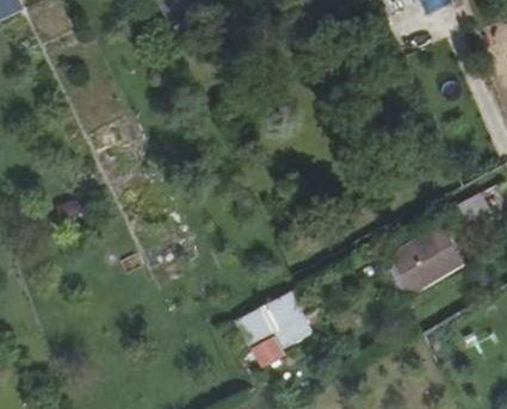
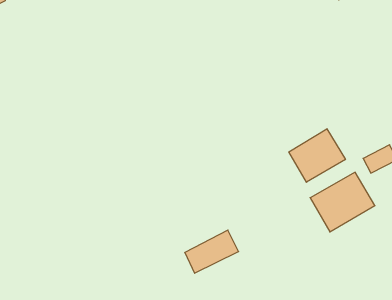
building: none -> [289,129,345,182]

